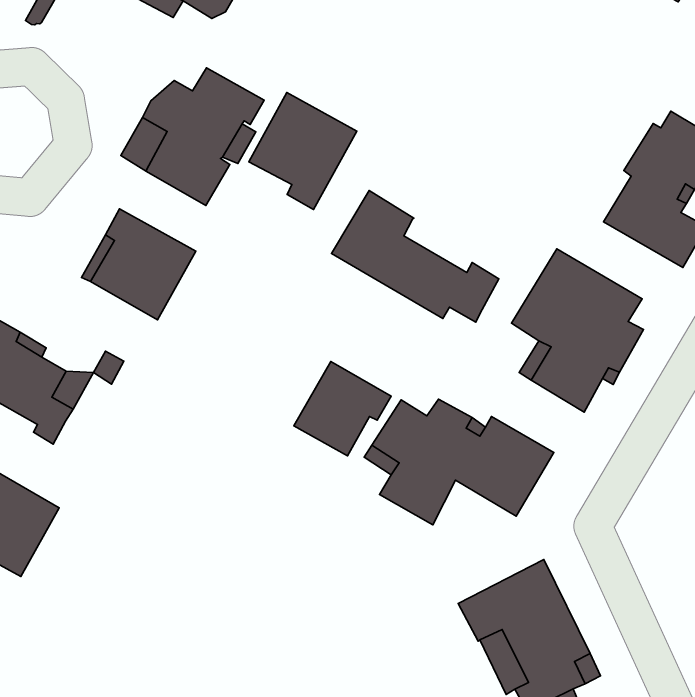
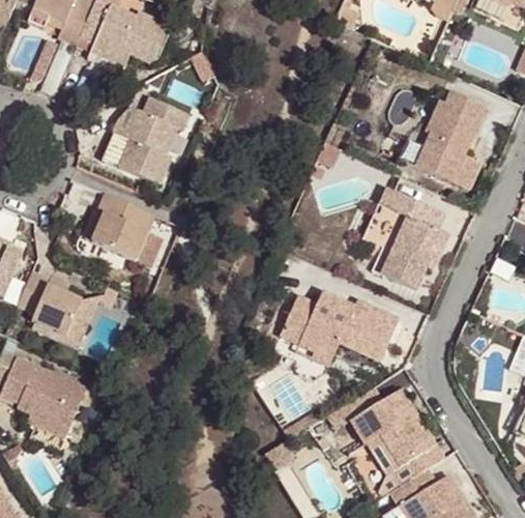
building: [249,92,357,209] -> none
building: [331,191,499,322] -> none
building: [294,361,391,456] -> none

